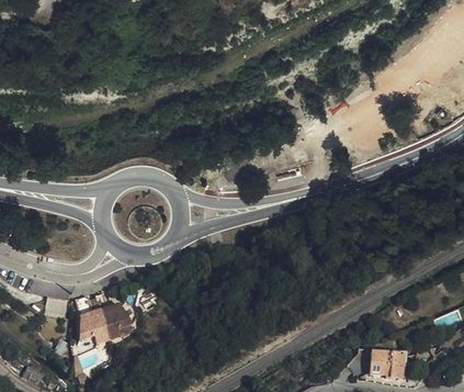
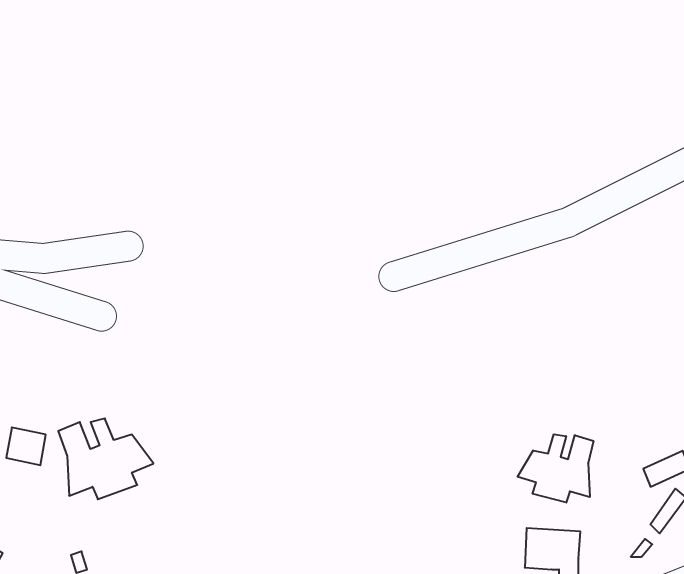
building: none -> [518,434,593,503]

